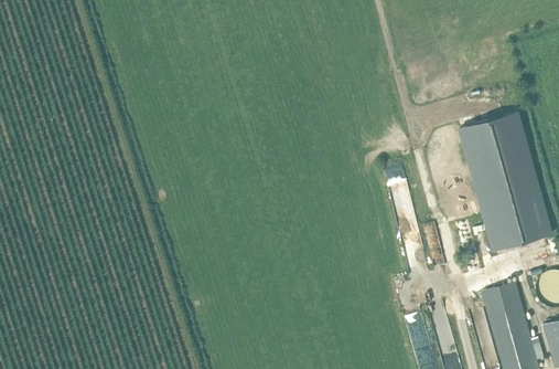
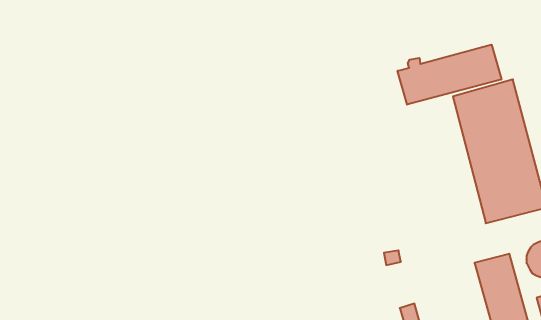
building: none -> [398,45,501,105]

